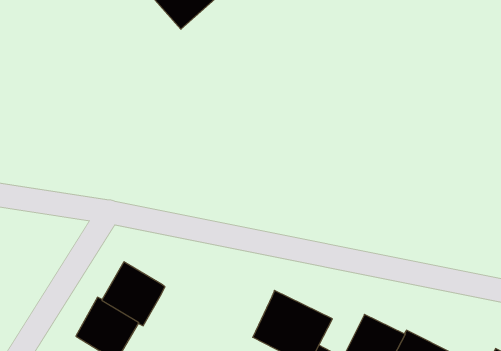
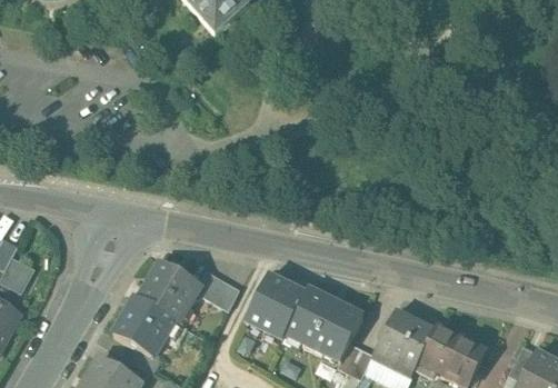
building: none -> [197,269,239,309]
building: none -> [245,275,305,340]

